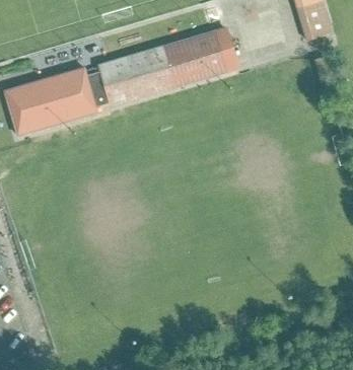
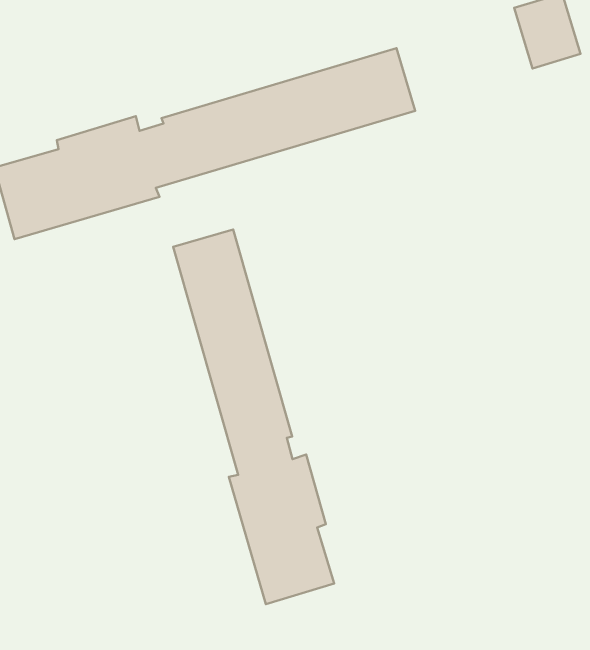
building: none -> [173,230,334,604]

